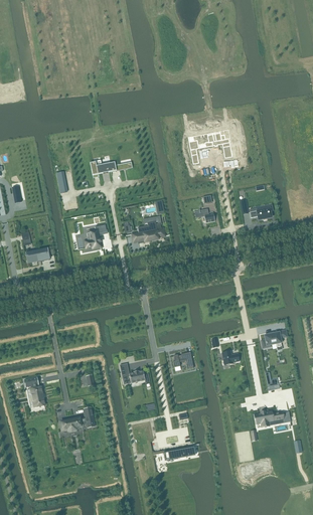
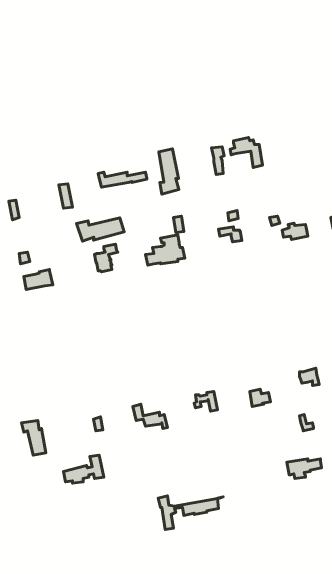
building: none -> [159,149,179,194]
building: none -> [76,218,124,241]

